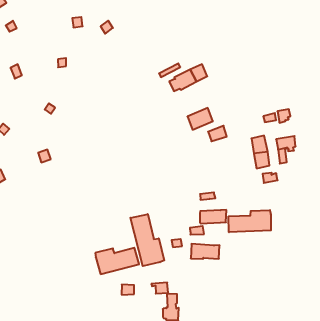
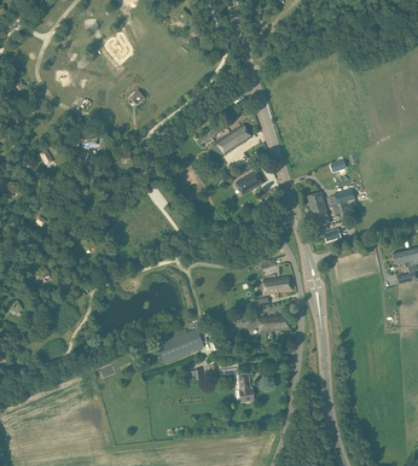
building: [229,210,271,232] -> none
building: [130,214,164,266] -> none

